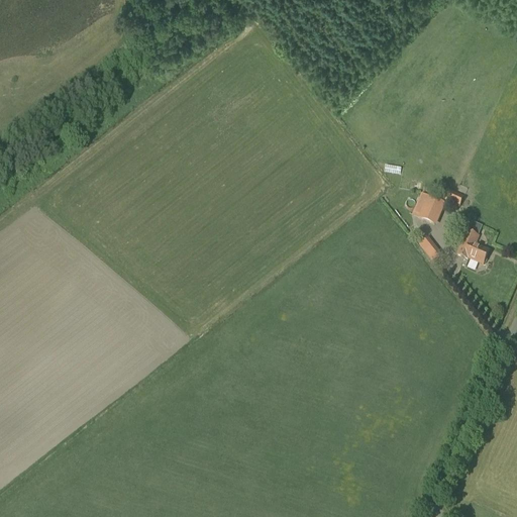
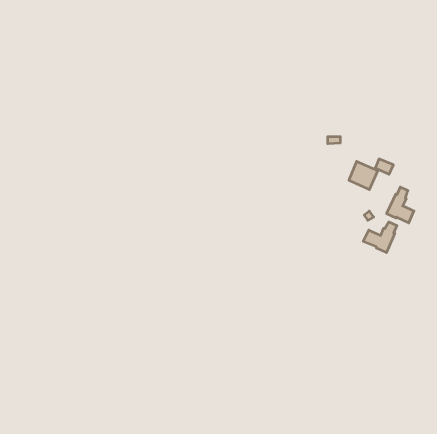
building: none -> [363,222,397,253]

